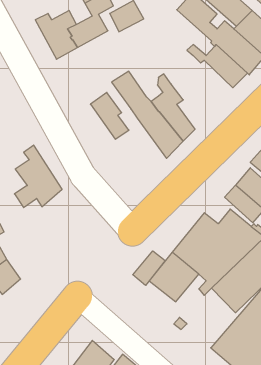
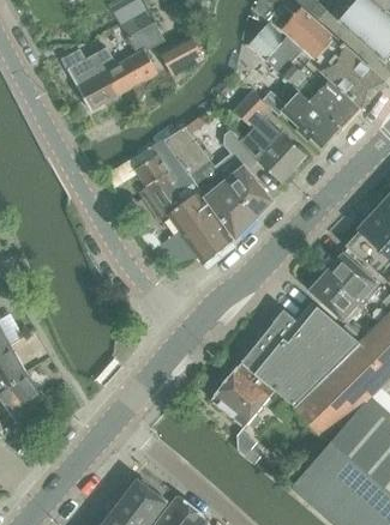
building: none -> [229,91,305,185]
building: [14,145,62,208] -> [166,183,228,265]
building: [133,251,165,285] -> none

